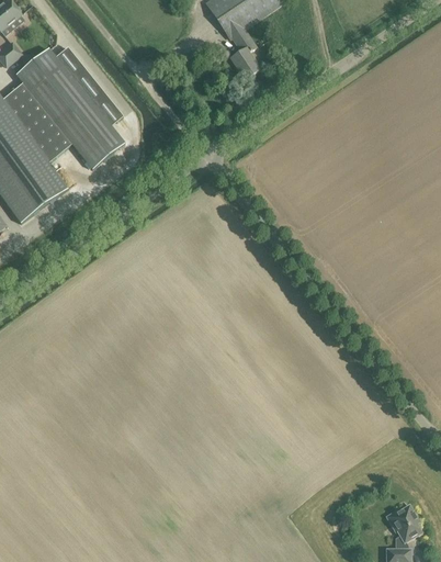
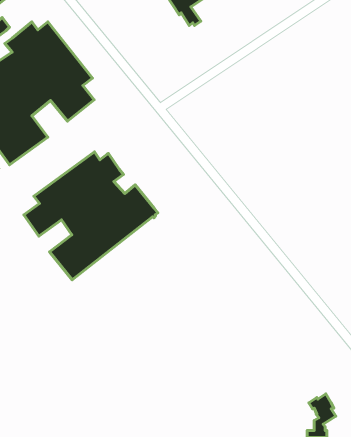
building: [229,47,259,79] -> none
building: none -> [24,152,158,280]

